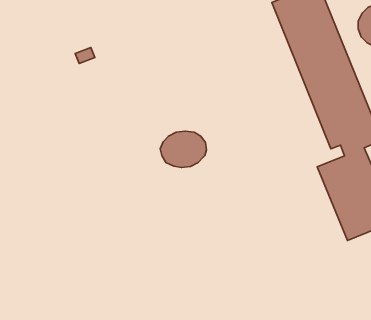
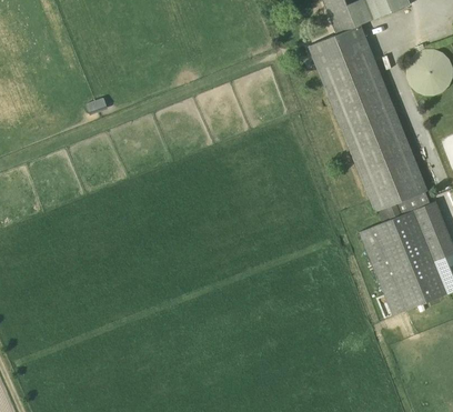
building: [160,131,206,168] -> none

